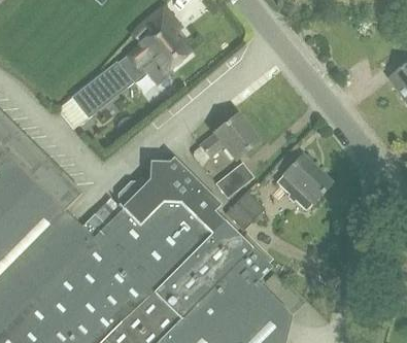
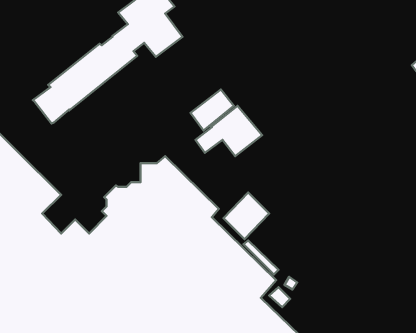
building: [276,152,332,202] -> none
building: [215,161,253,197] -> [191,89,234,130]

